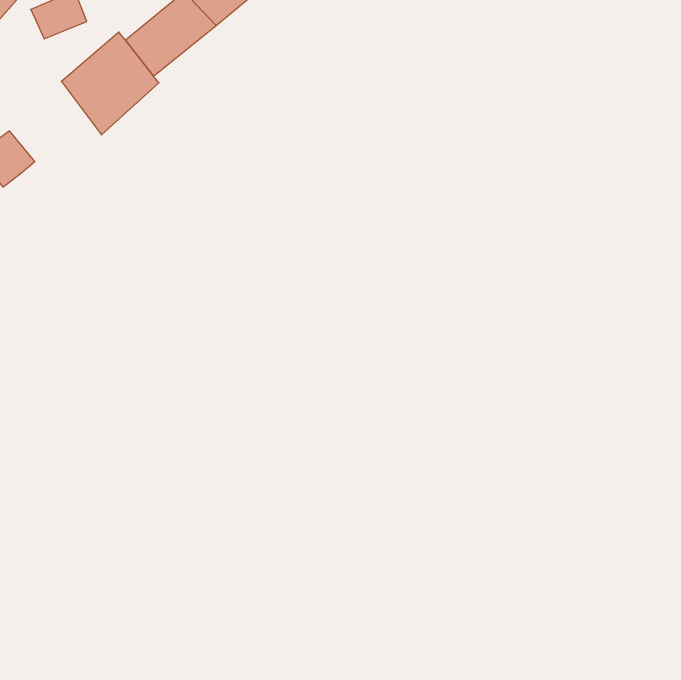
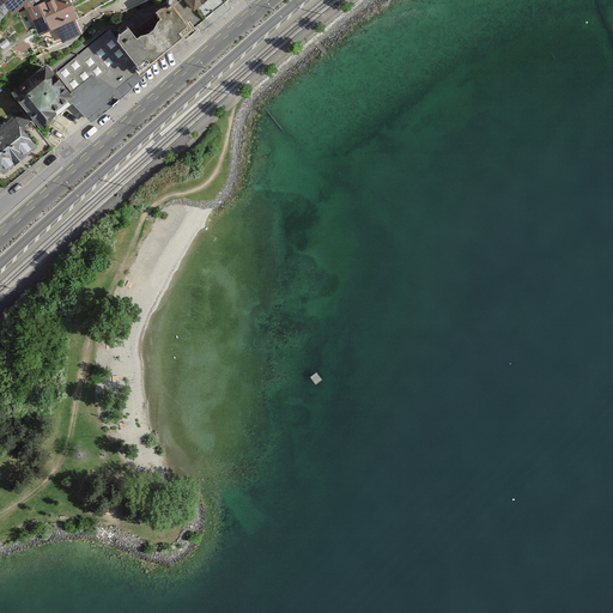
building: none -> [16,66,68,120]

